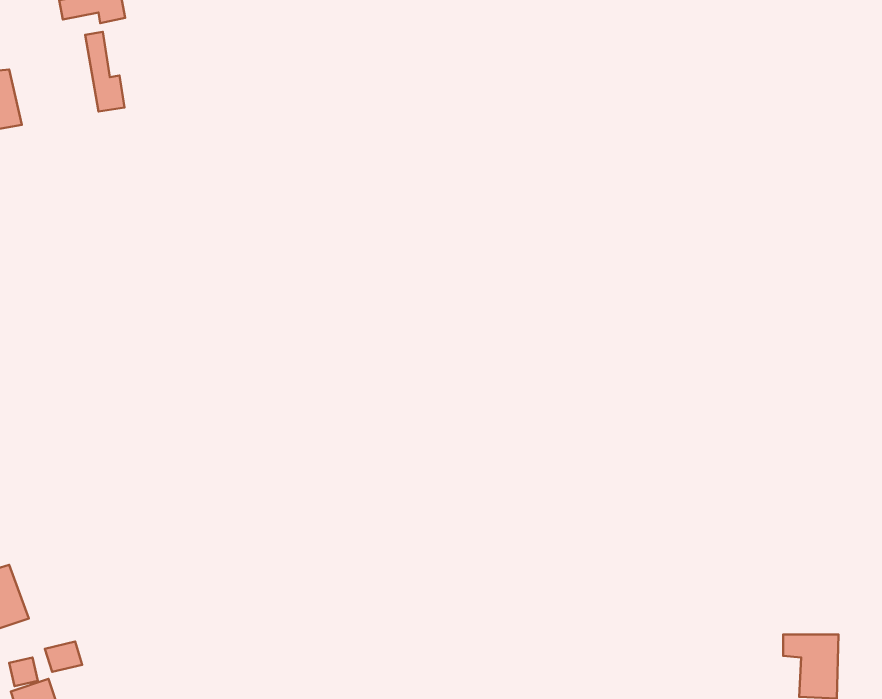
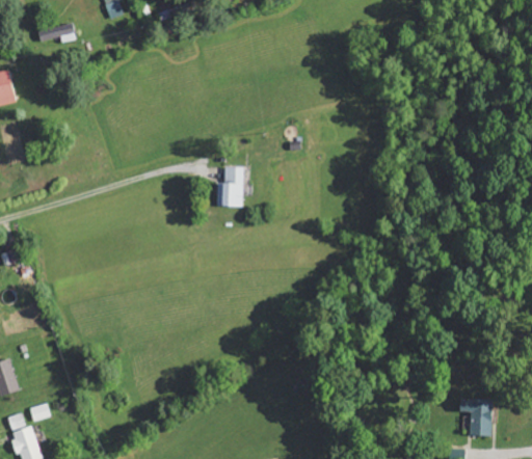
building: [85,32,124,111] -> none
building: none -> [216,166,243,207]

